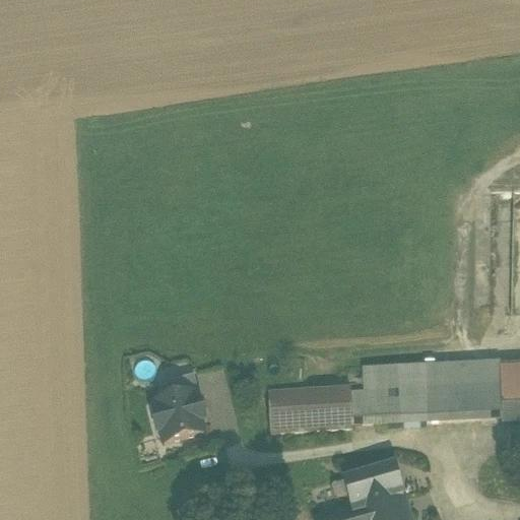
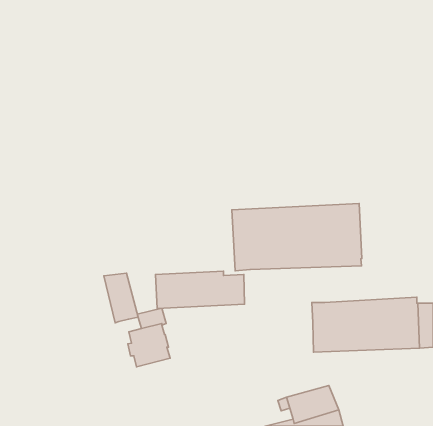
building: none -> [232,204,362,271]
building: none -> [104,273,138,323]
building: [269,383,376,428] -> [156,271,245,308]

